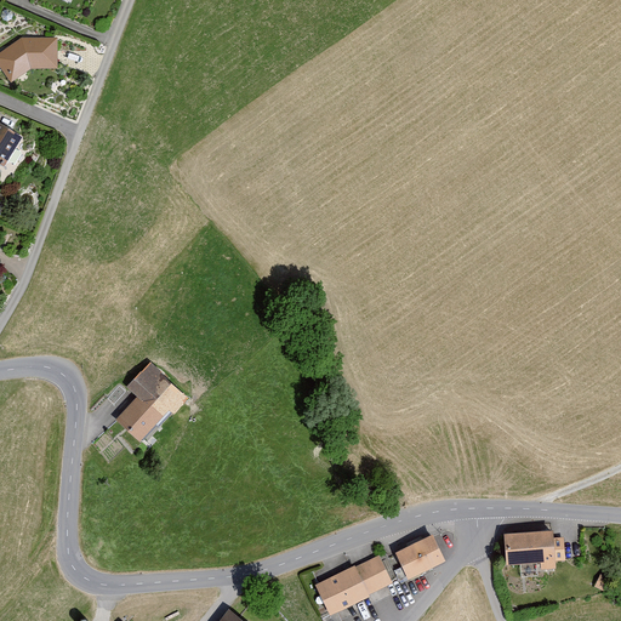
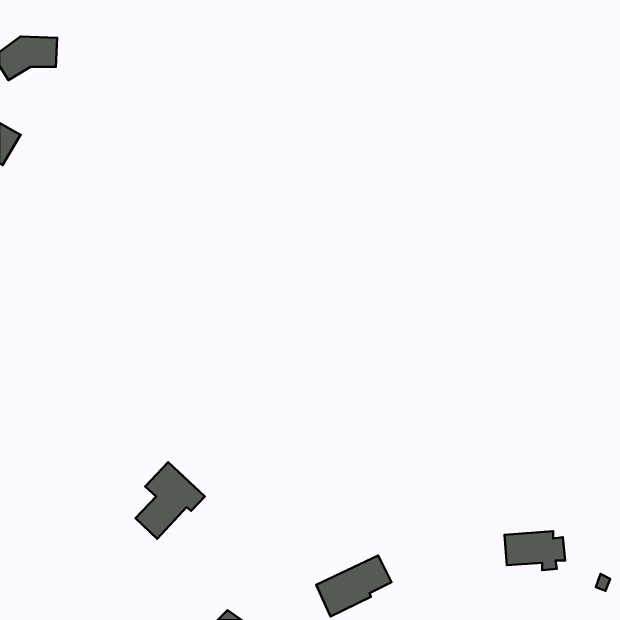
building: [116,363,186,439] -> [135,462,205,539]
building: [394,535,445,580] -> none

